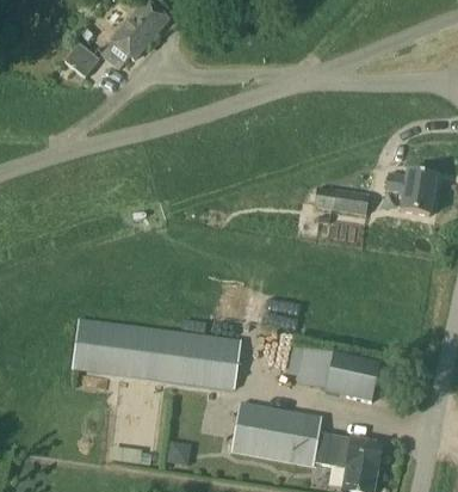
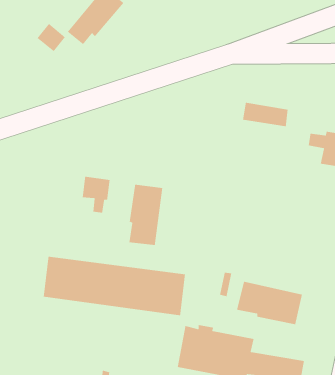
building: [314,185,369,215] -> [242,102,289,127]
building: none -> [82,176,111,213]
building: none -> [128,184,163,246]

